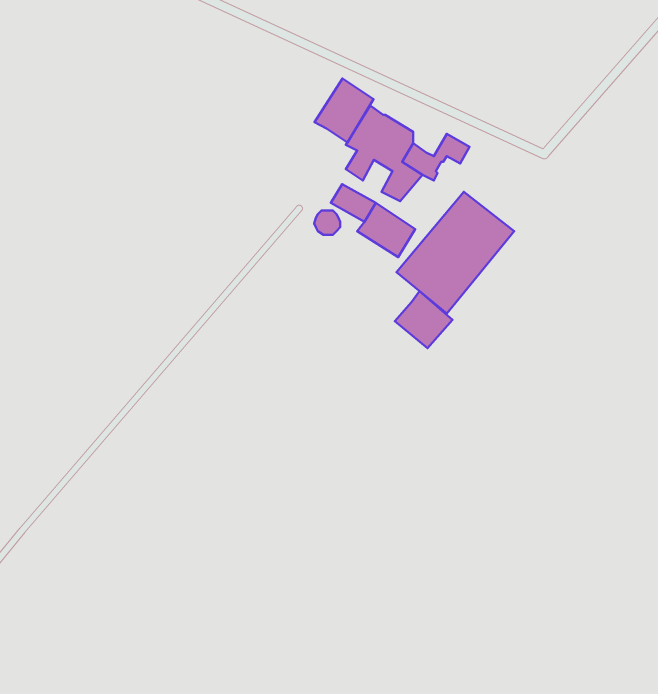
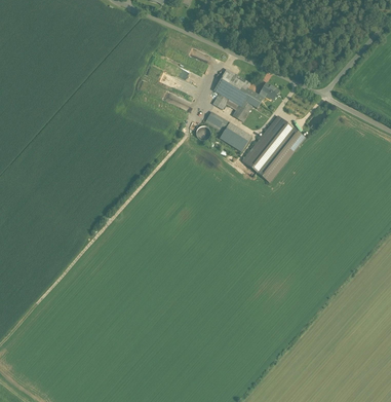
building: [314,78,374,142] -> none
building: [395,291,453,348] -> none

